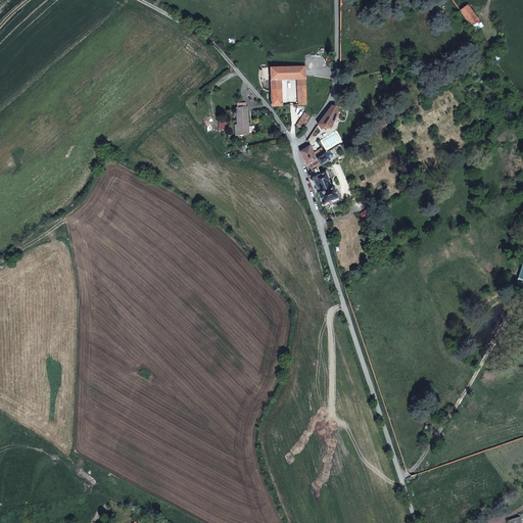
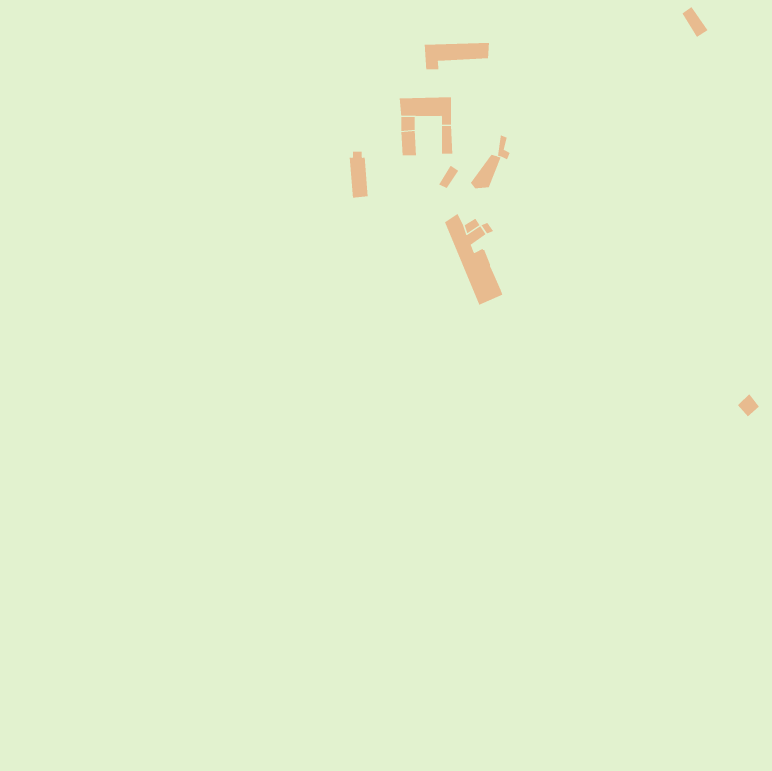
building: none -> [424,42,489,70]

